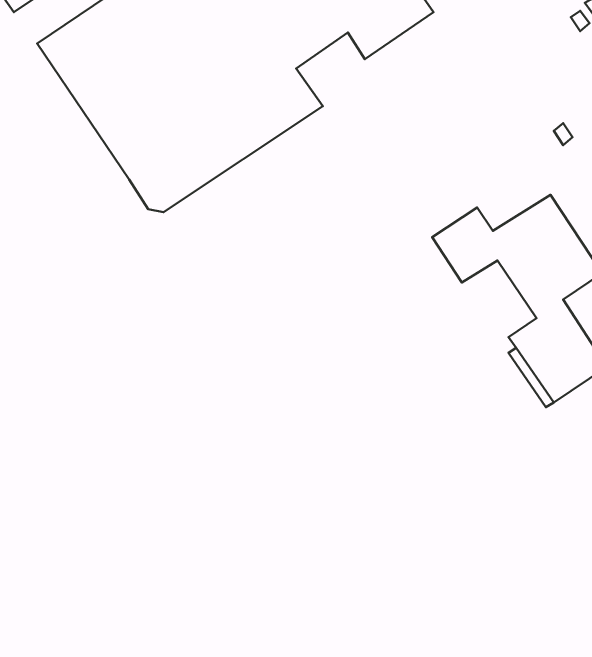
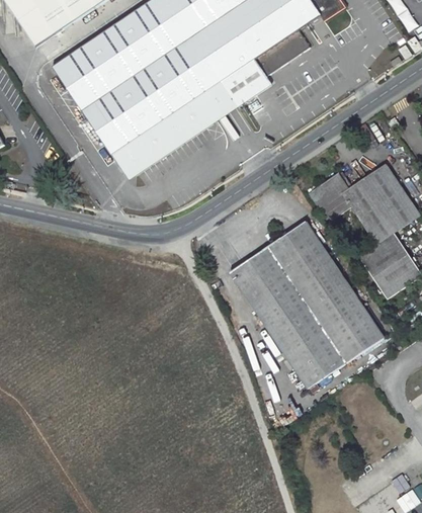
building: none -> [221,59,271,106]
building: none -> [230,222,383,388]

